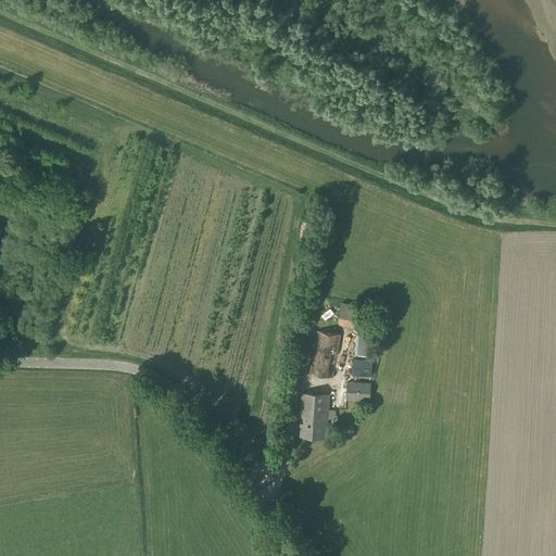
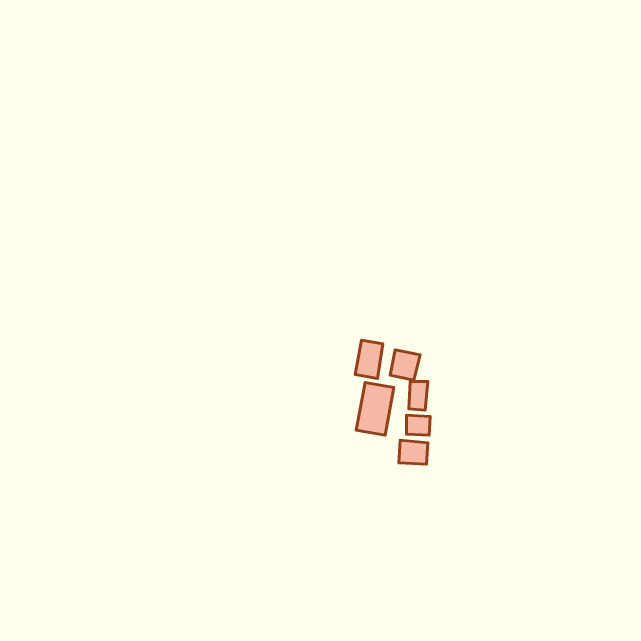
building: none -> [355,340,383,379]
building: [300,393,329,439] -> none

